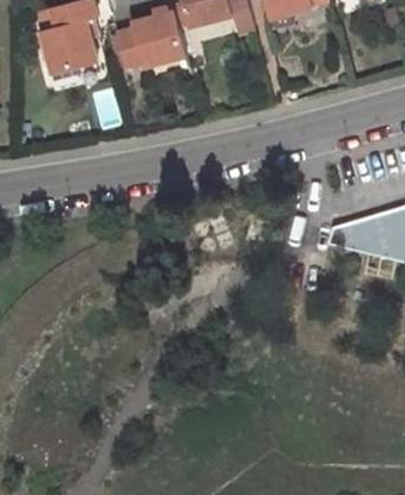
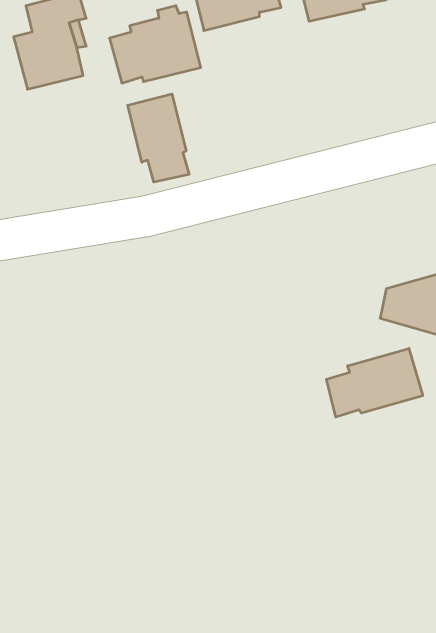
building: none -> [128,94,189,182]
building: none -> [326,348,423,417]

